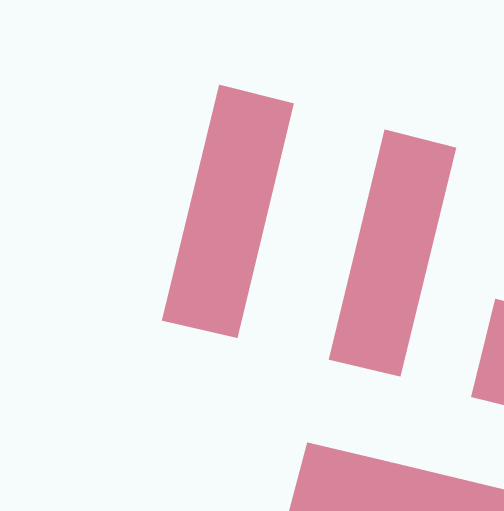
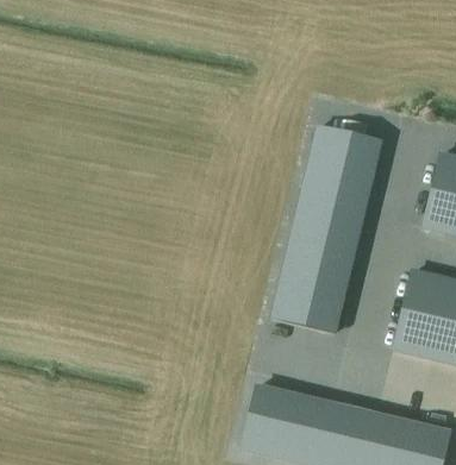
building: [161,84,295,339] -> none

